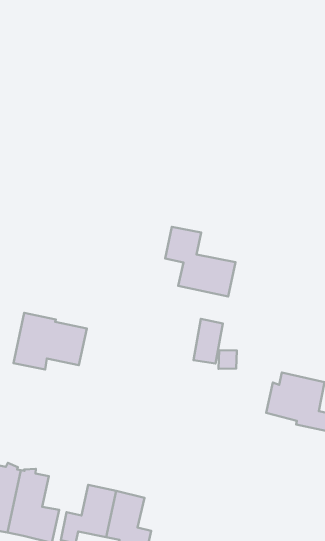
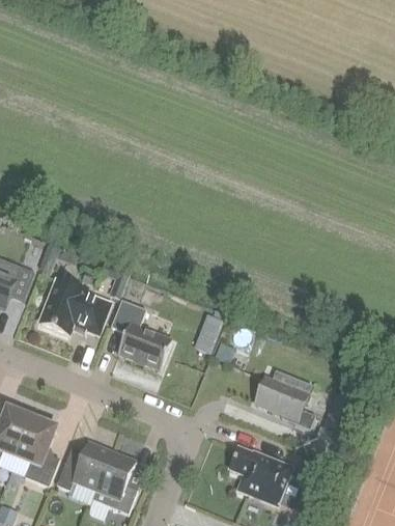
building: [165,227,236,296] -> [109,299,170,368]
building: none -> [228,446,291,504]

